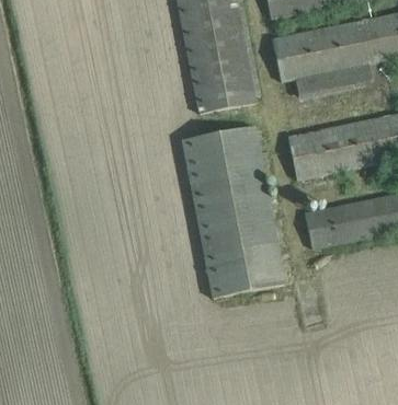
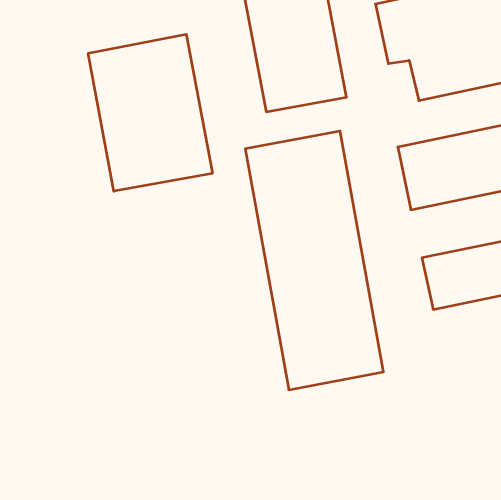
building: none -> [88,34,212,191]

